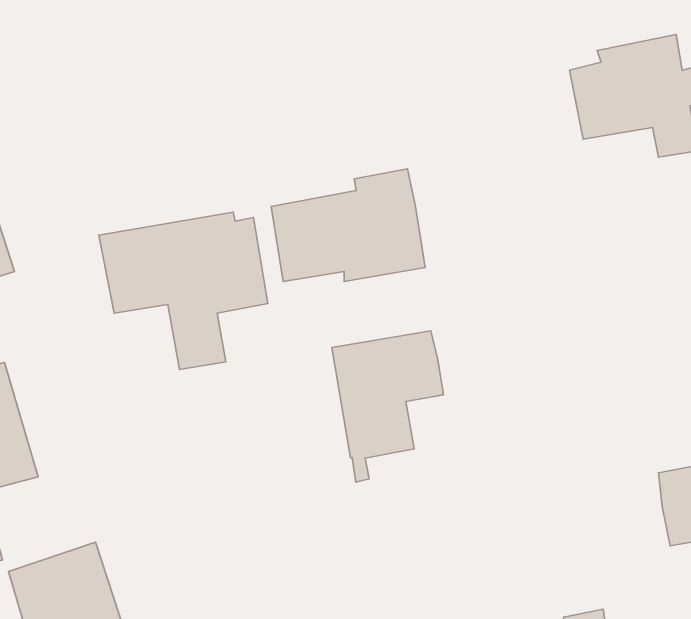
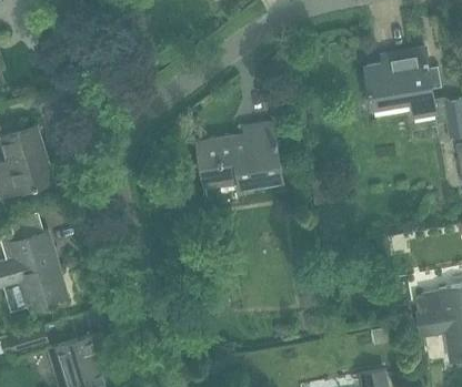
building: [99,212,268,369] -> none
building: [332,331,443,482] -> none

